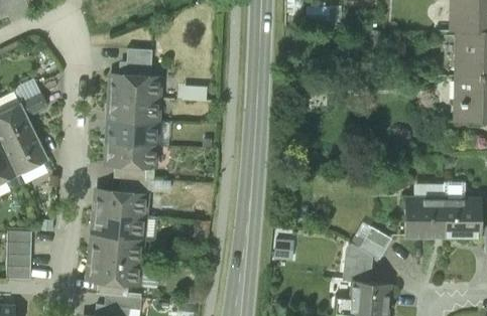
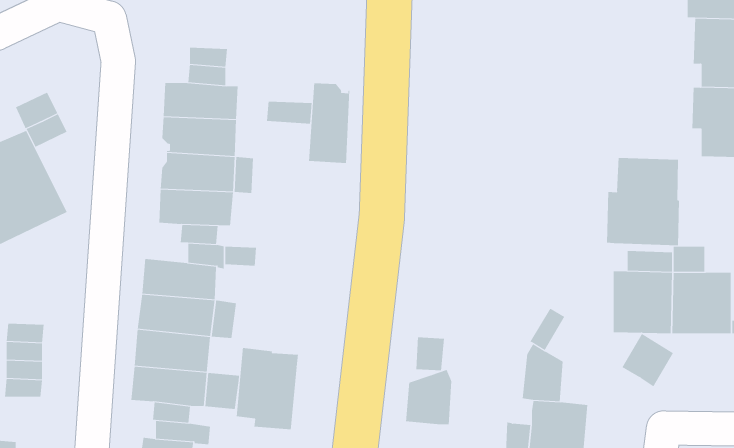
building: none -> [308,82,350,164]
building: none -> [606,157,679,246]
building: [360,226,394,262] -> [621,333,674,387]
building: none -> [236,347,299,430]
building: none -> [406,369,452,425]

